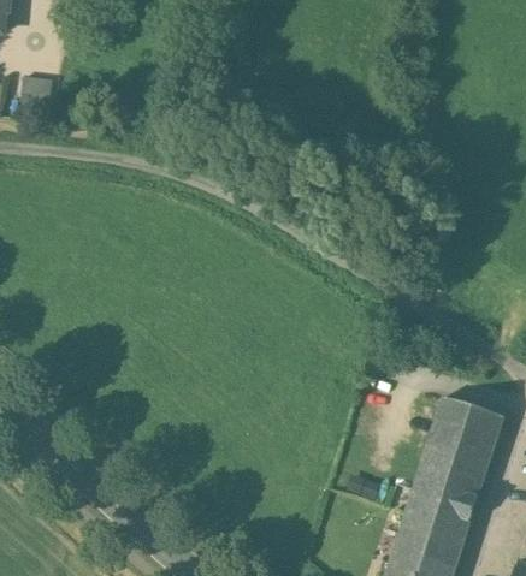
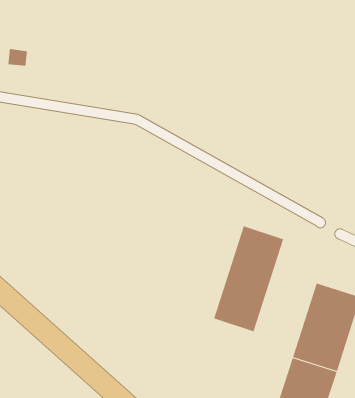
building: none -> [214,225,284,332]

